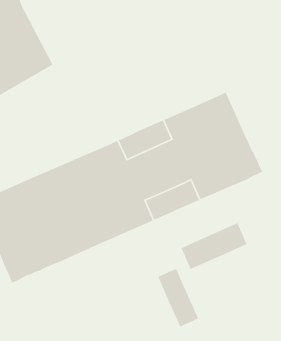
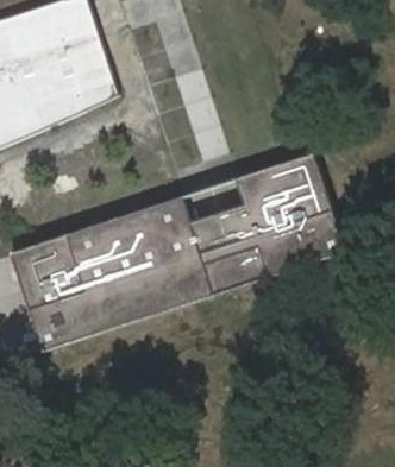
building: [180,222,248,270] -> none
building: [157,268,199,327] -> none

